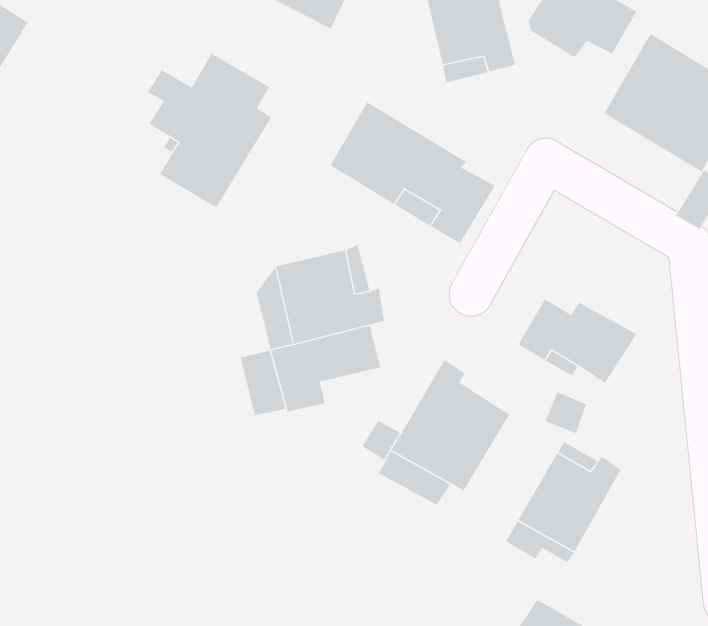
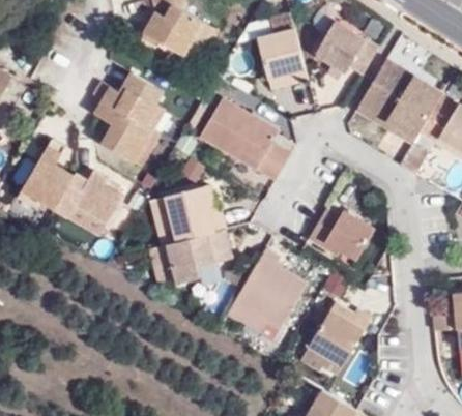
building: none -> [18,139,124,224]

